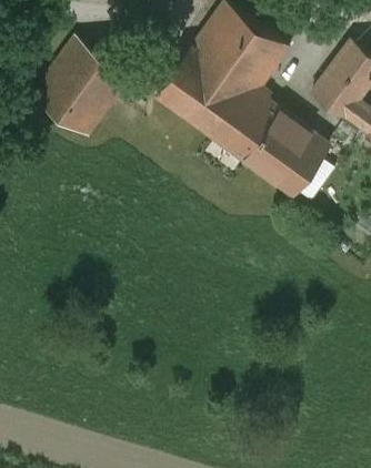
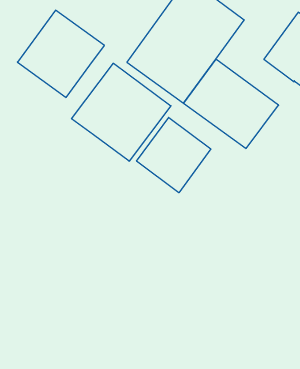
building: none -> [72,63,171,161]
building: none -> [137,117,211,193]

